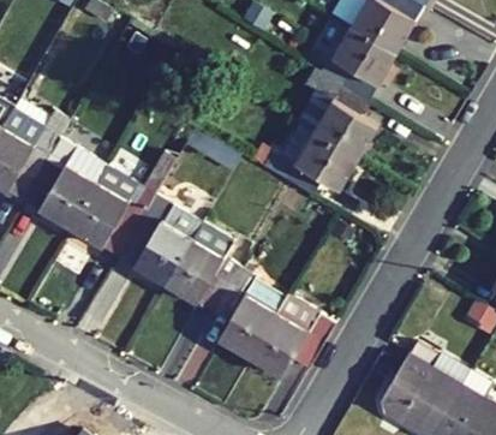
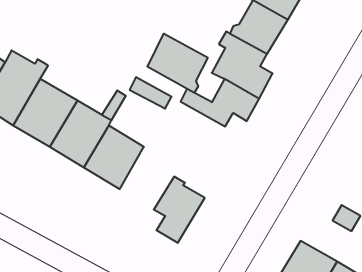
building: none -> [147,34,208,93]
building: [168,227,241,311] -> none
building: [246,292,336,376] -> none

